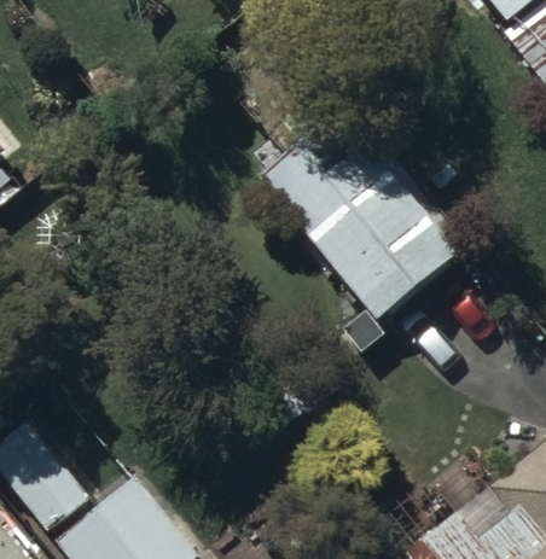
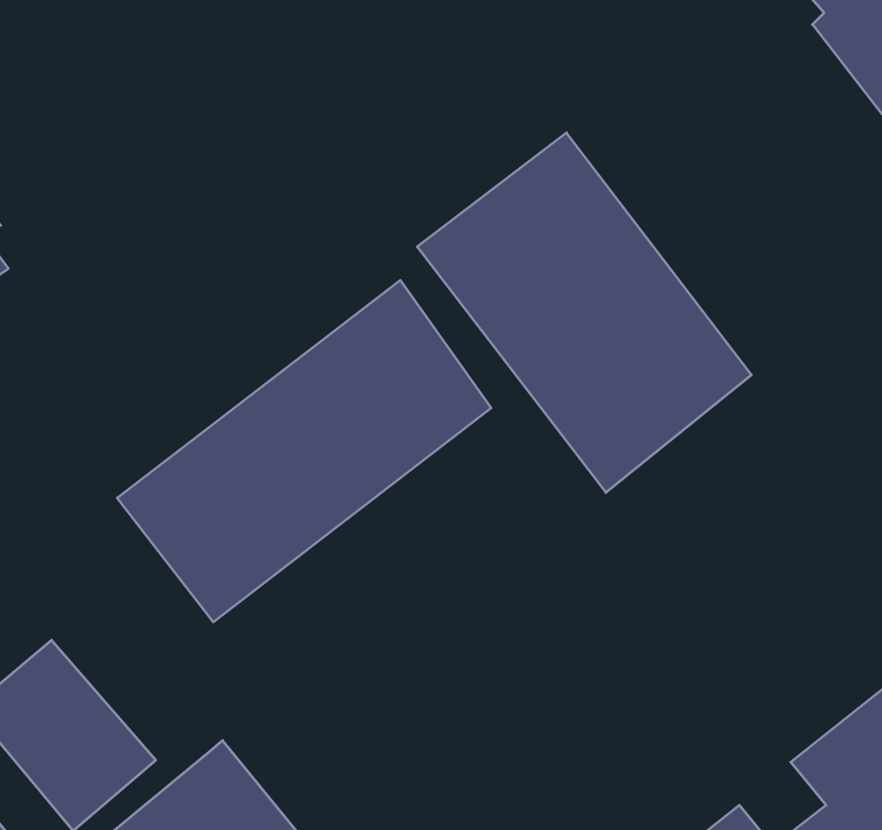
building: none -> [117,280,491,622]

